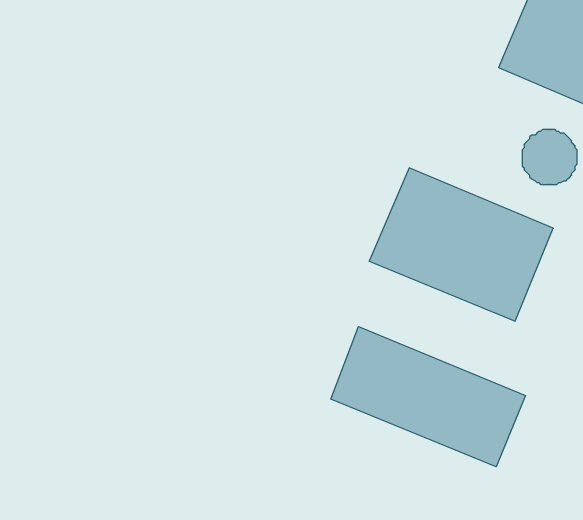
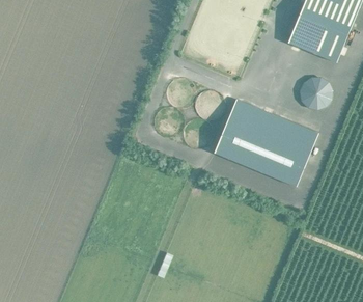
building: [331,327,526,467] -> none

